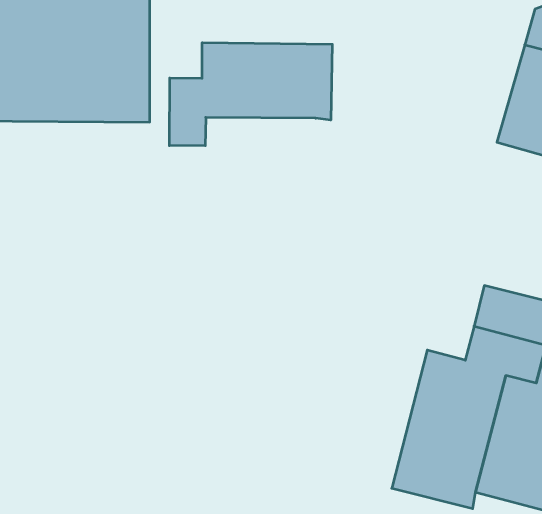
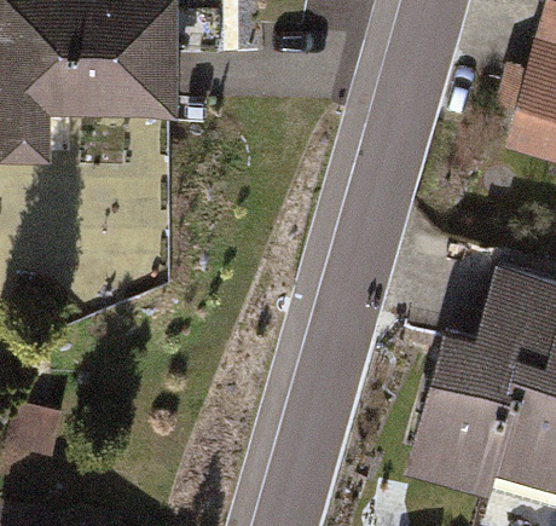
building: [169,43,332,146] -> none

